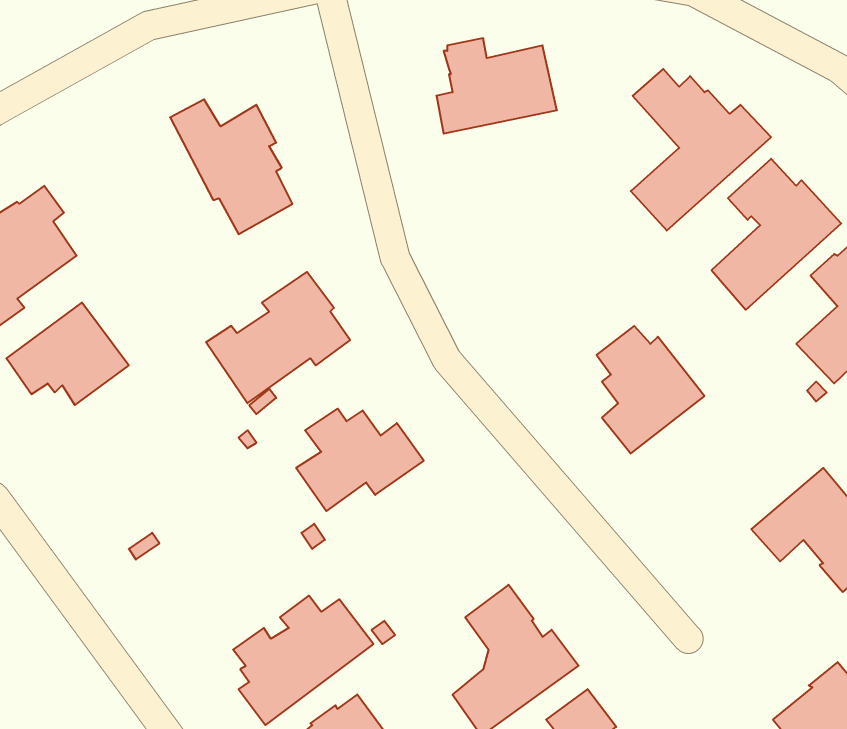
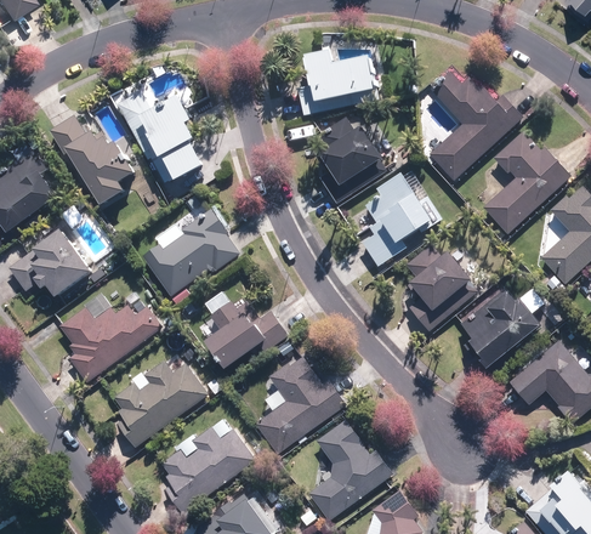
building: none -> [49,114,135,205]
building: none -> [314,117,386,203]
building: none -> [362,172,442,266]
building: none -> [461,286,541,374]
building: none -> [59,303,161,381]
building: none -> [256,351,346,454]
building: none -> [114,359,208,447]

